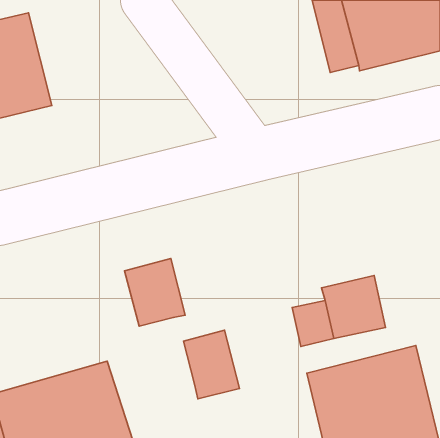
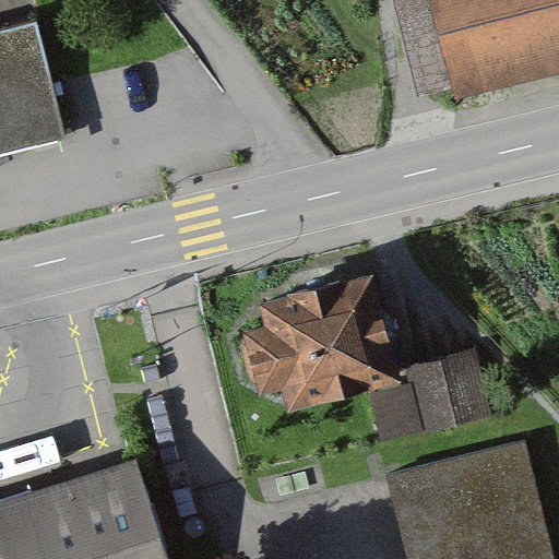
building: none -> [242,266,401,402]
building: [125,258,185,326] -> none
building: [184,330,240,399] -> none

